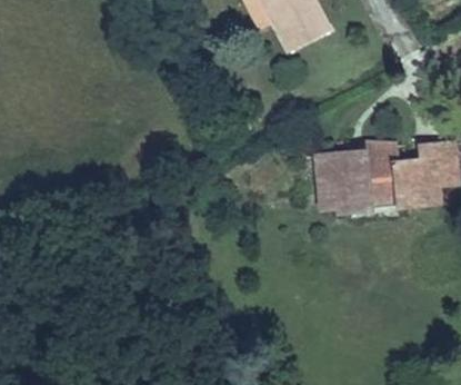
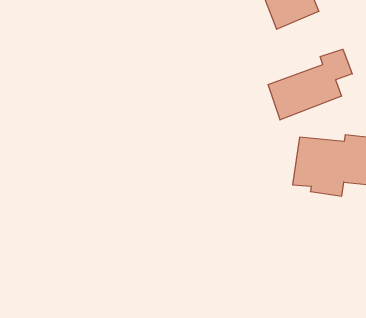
building: none -> [268,49,352,120]

